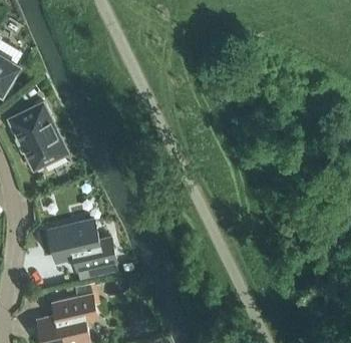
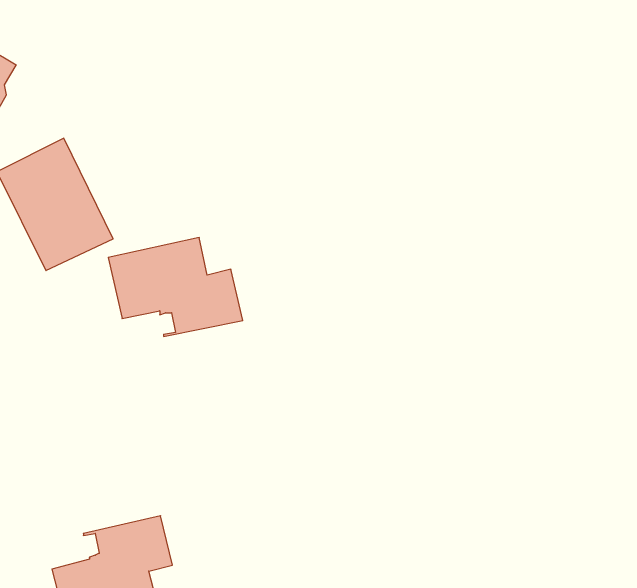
building: [48,222,116,272] -> [108,238,243,336]

